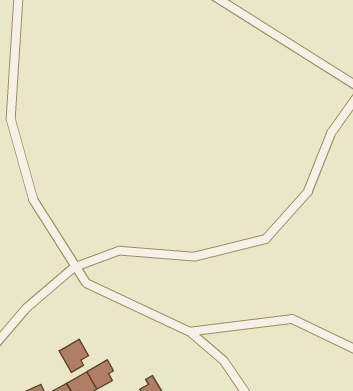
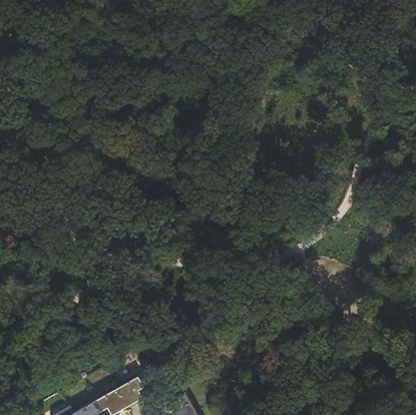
building: [59,339,89,373] -> none

